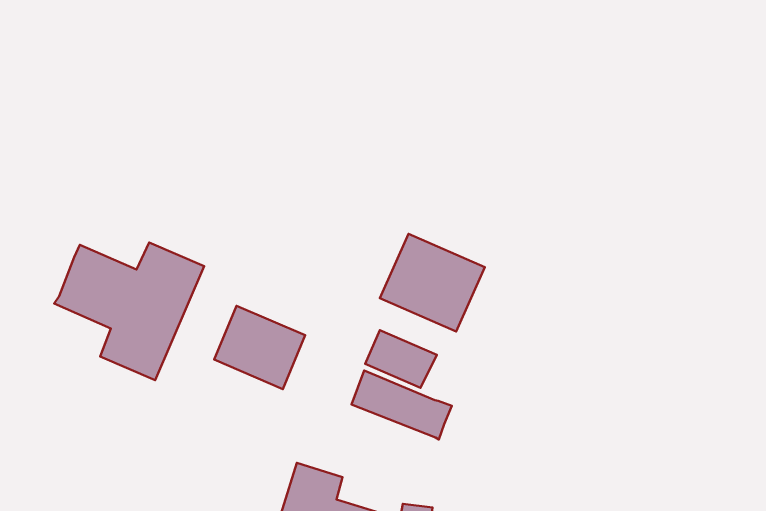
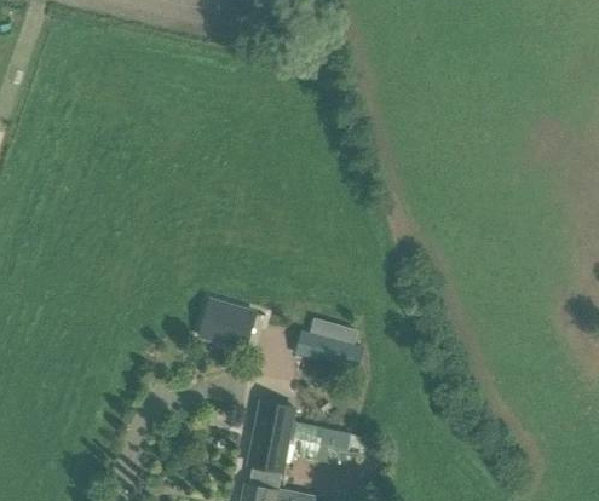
building: [380,234,485,331] -> none
building: [54,243,204,380] -> none

